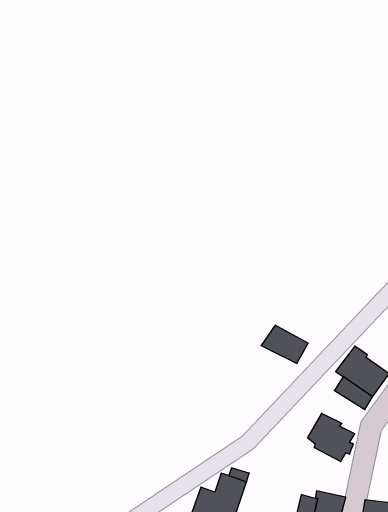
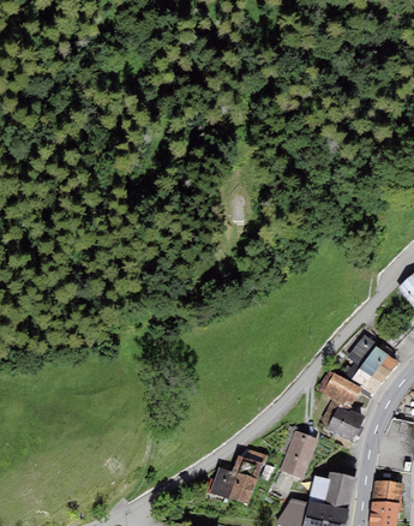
building: [261,325,308,363] -> [317,371,361,407]
building: none -> [280,431,318,479]

